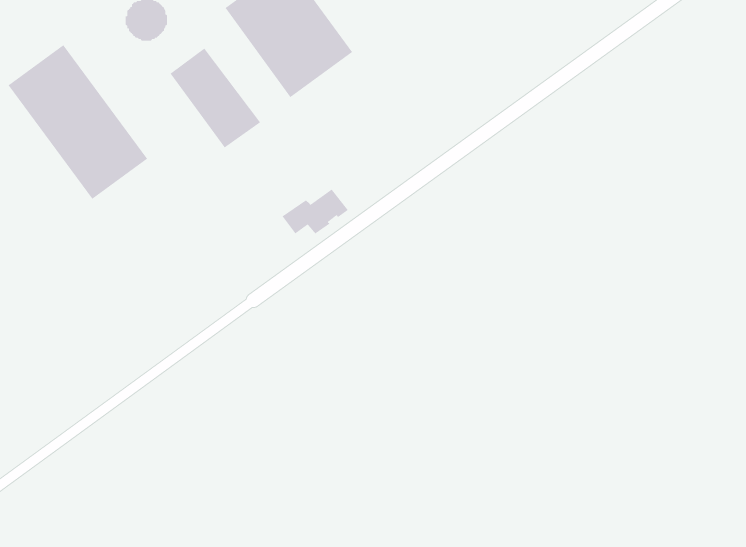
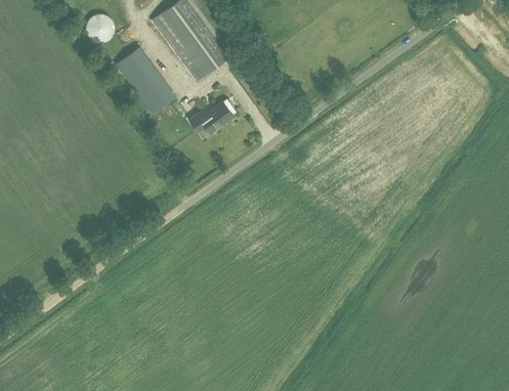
building: [8,44,148,200] -> none
building: [281,189,349,235] -> [188,101,234,132]

